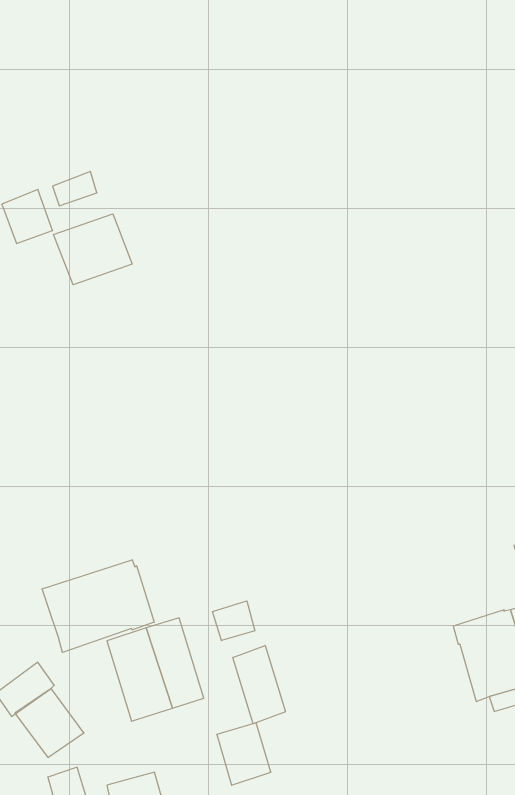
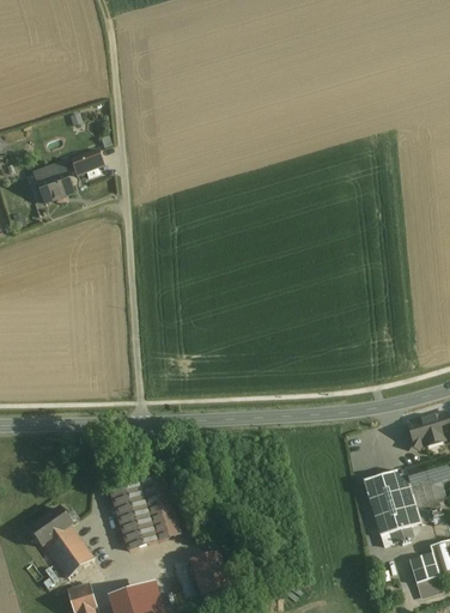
building: [54,214,132,285] -> none
building: [42,560,154,652] -> none
building: [213,601,255,641] -> none
building: [233,645,285,724] -> none

